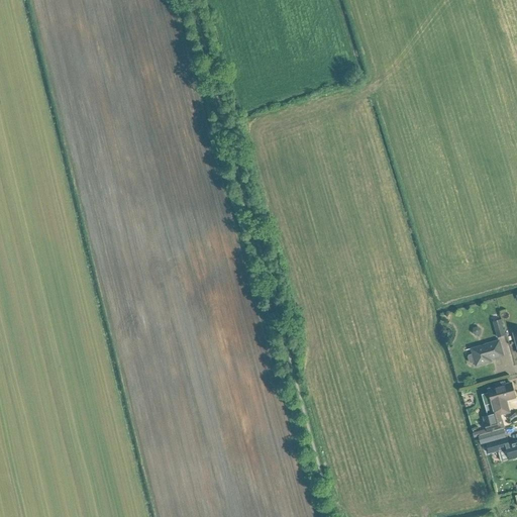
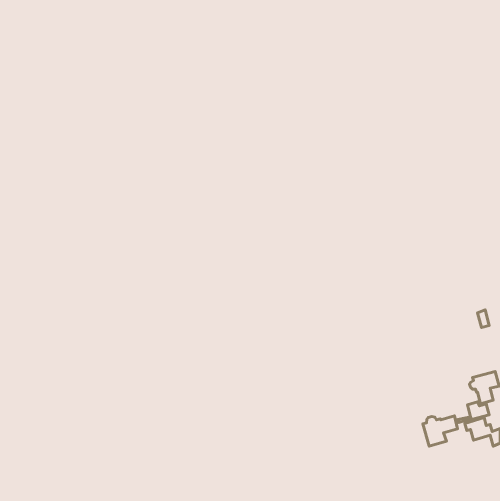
building: [466,339,502,366] -> none
building: none -> [423,416,457,446]

